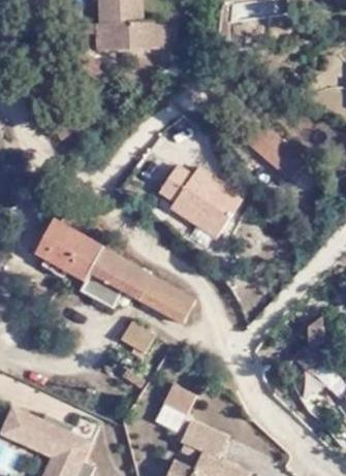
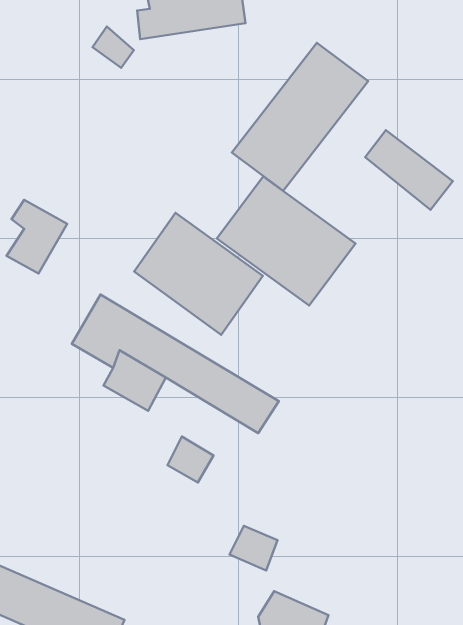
building: none -> [232,43,368,191]
building: none -> [134,213,263,335]
building: [36,216,75,263] -> [7,200,67,273]

